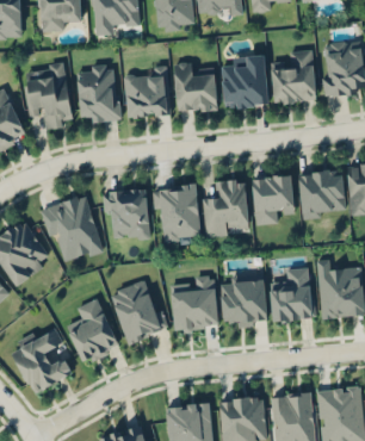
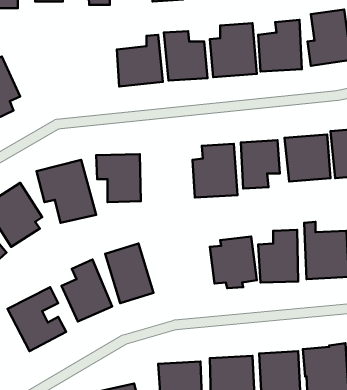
building: [23,61,73,128] -> none
building: [76,63,120,122] -> none
building: [156,182,200,242] -> none
building: [172,277,219,330] -> none

